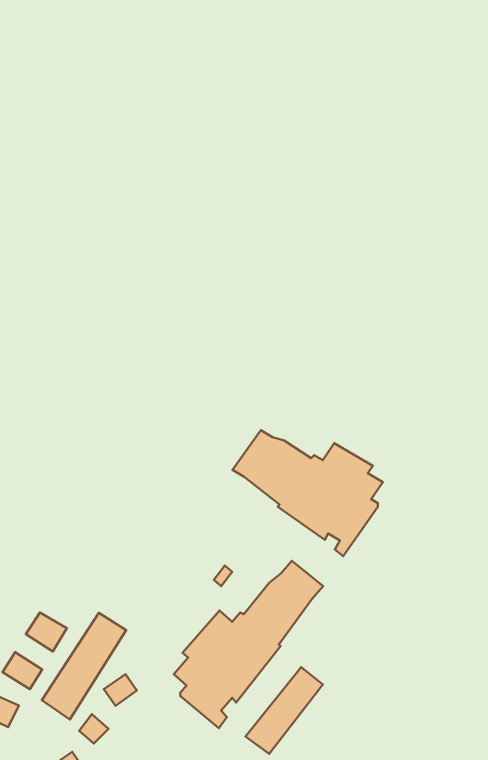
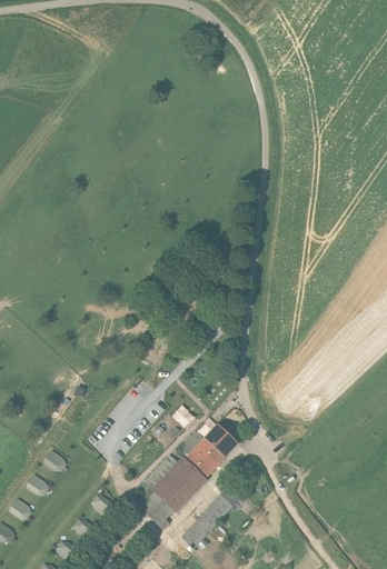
building: [233,430,383,556] -> none
building: [42,613,126,720] -> none

